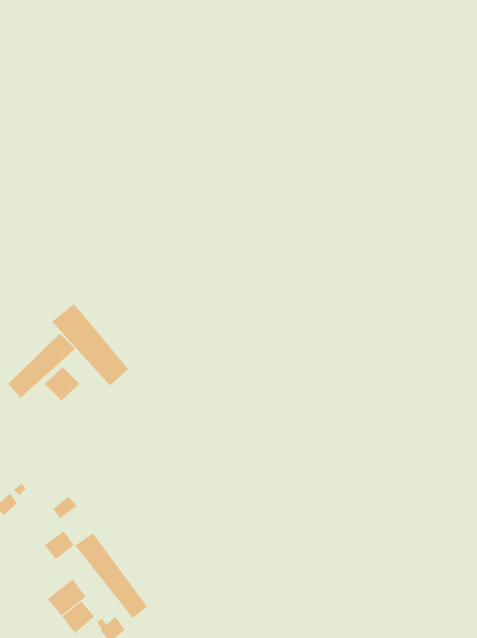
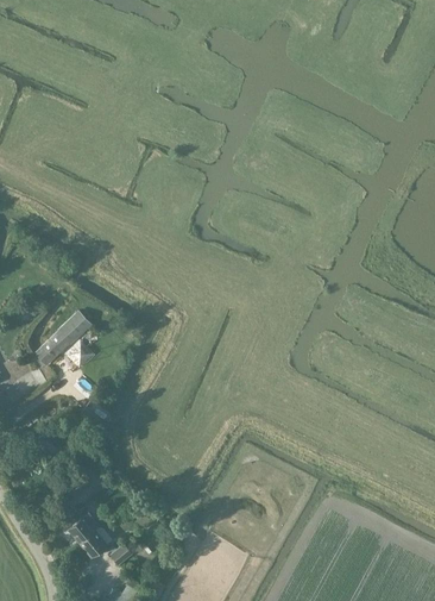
building: [51,303,129,386] -> none
building: [74,533,148,619] -> none

